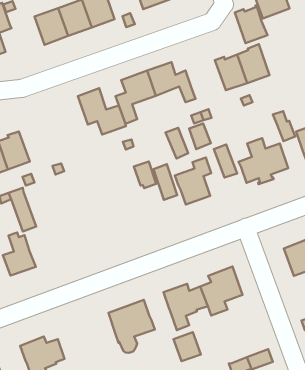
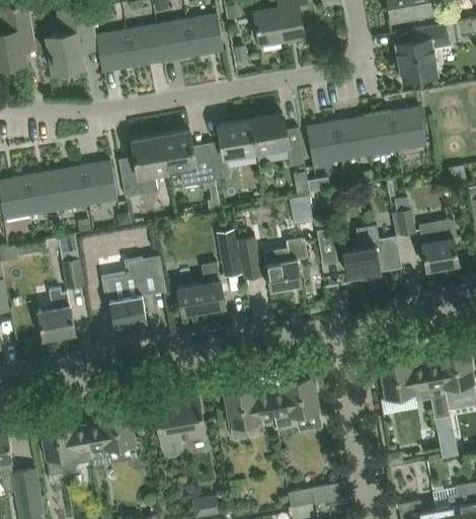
building: [235,5,267,43] -> [392,108,426,152]
building: none -> [95,31,133,73]
building: none -> [306,123,342,167]
building: none -> [121,137,168,200]
building: none -> [83,162,117,206]
building: [166,128,188,158] -> none
building: none -> [177,264,225,315]
building: none -> [105,256,166,327]
building: none -> [86,411,135,460]
building: [174,332,201,361] -> none

